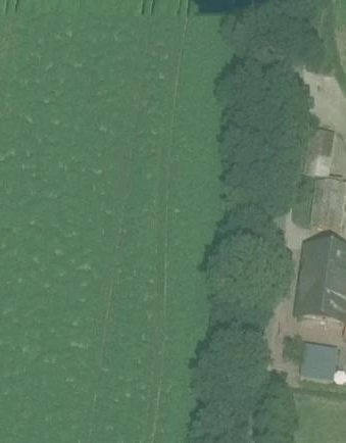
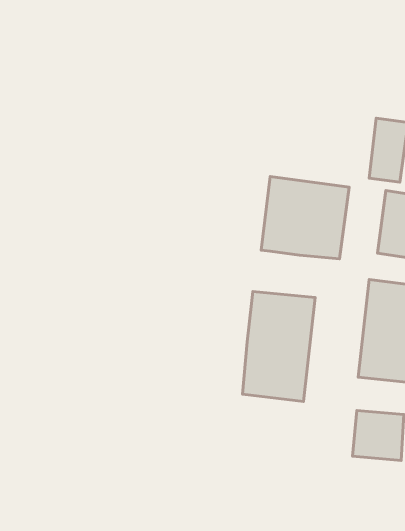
building: none -> [261,177,349,259]
building: none -> [243,291,315,402]

